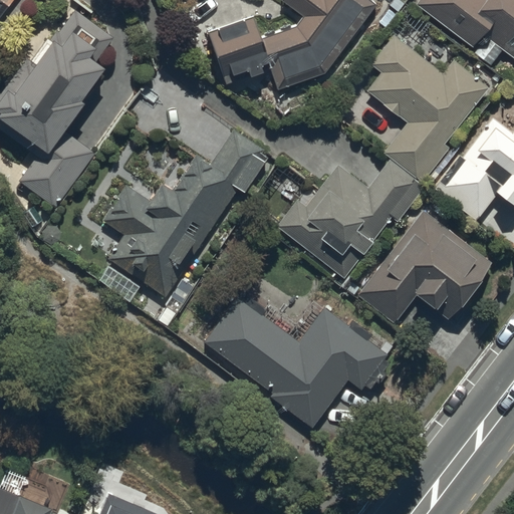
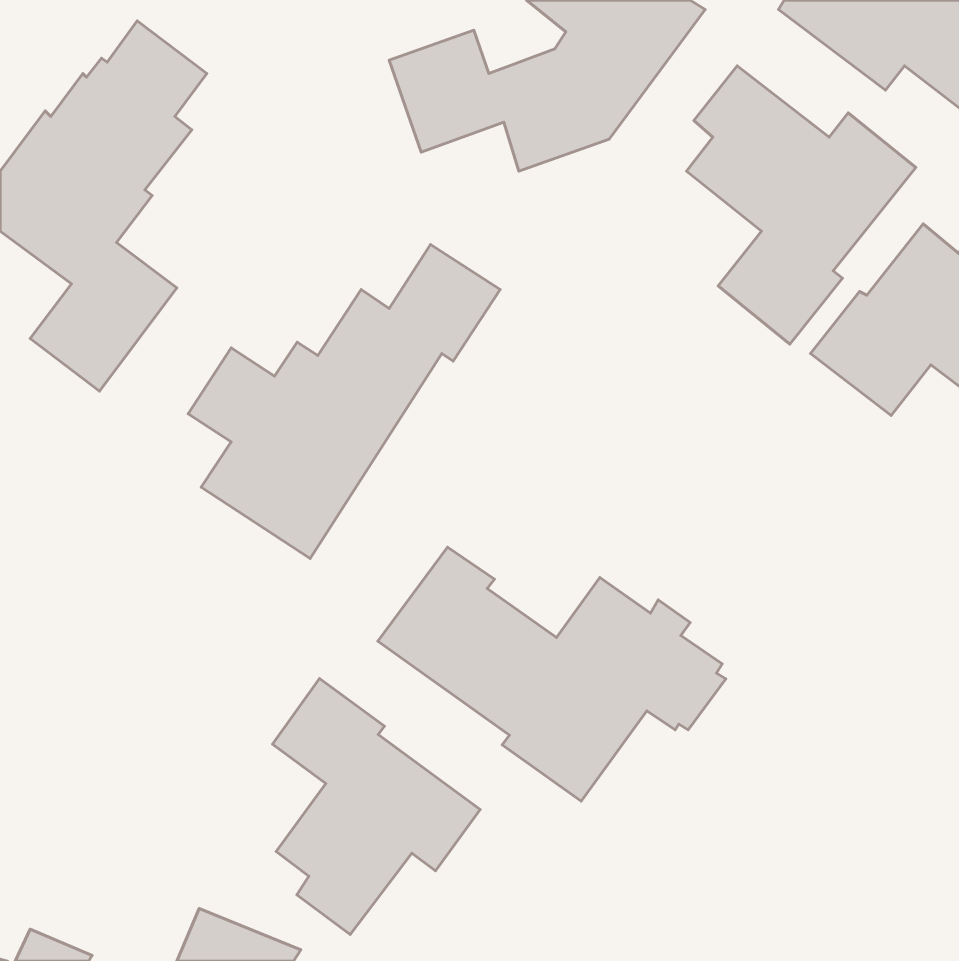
building: [276,161,423,279] -> none
building: [356,211,491,323] -> none
building: none -> [272,678,480,934]

